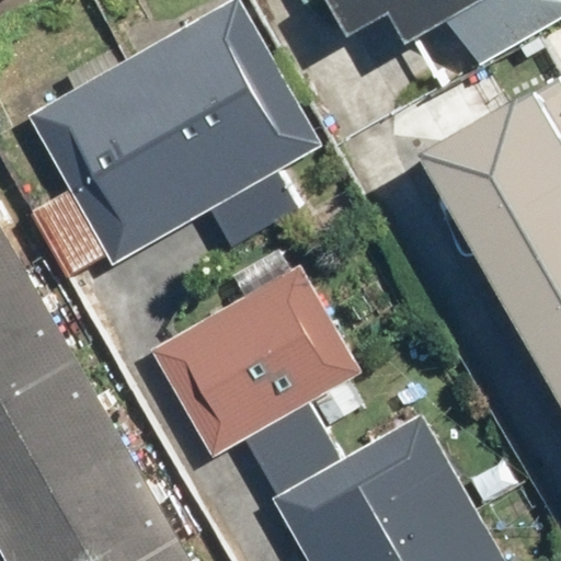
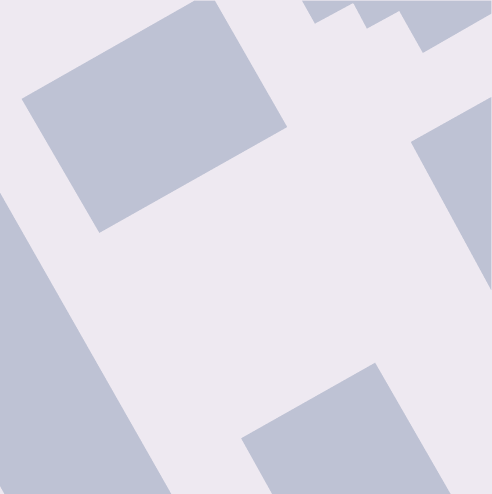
building: [147,263,362,459] -> none

